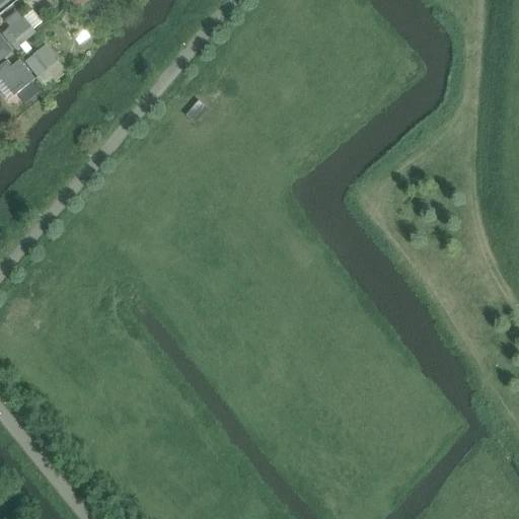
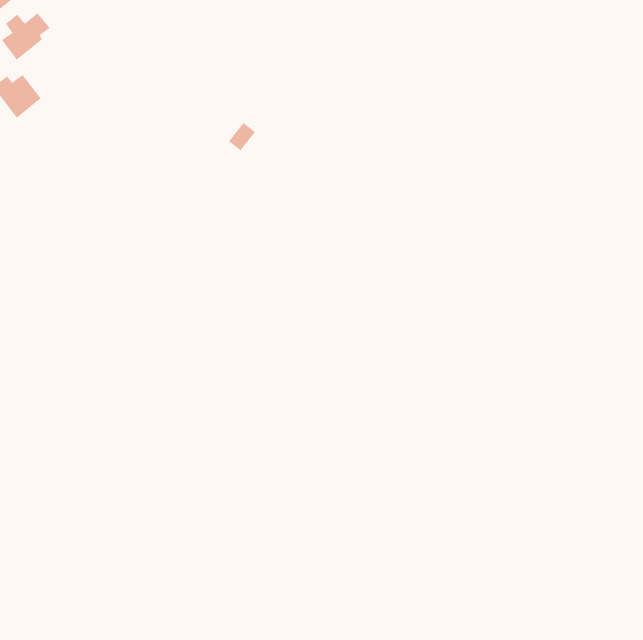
building: [24,45,66,89] -> none

